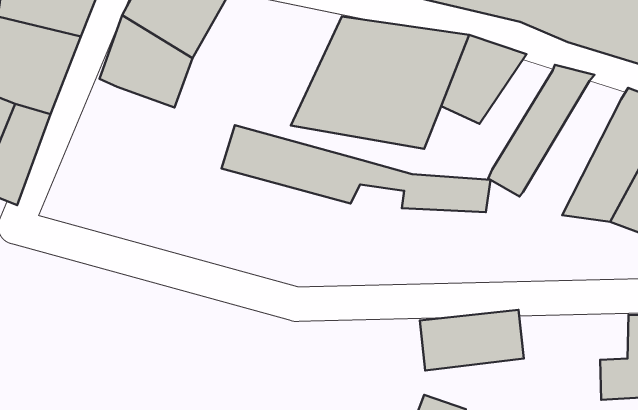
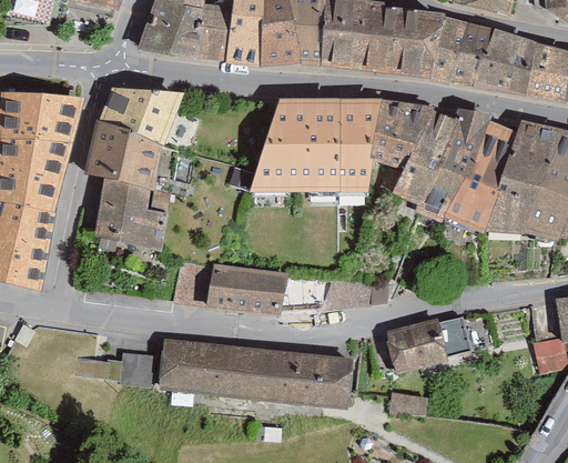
building: none -> [394,104,458,202]
building: none -> [448,119,517,231]
building: none -> [97,179,168,246]
building: [222,125,491,212] -> [169,263,388,313]
building: none -> [121,335,347,405]

